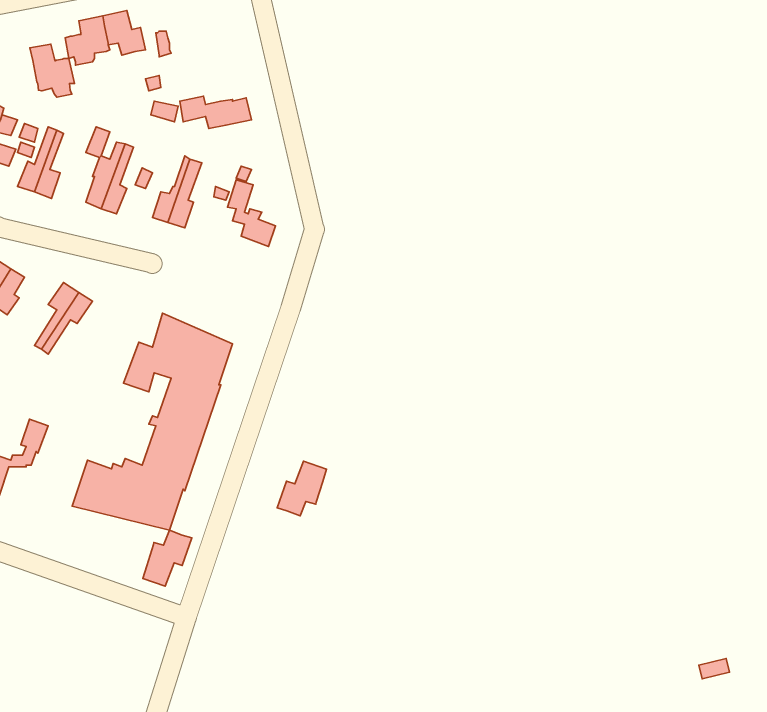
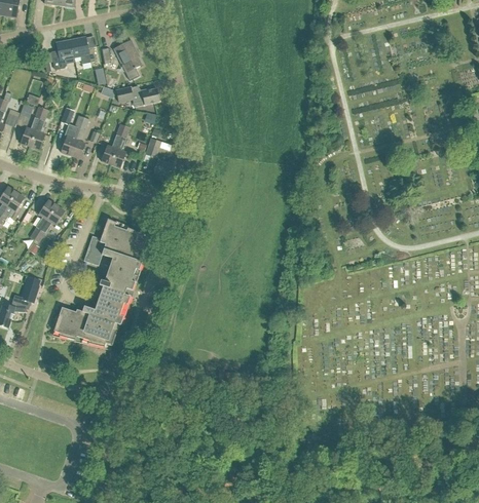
building: none -> [114,39,142,80]
building: [30,44,74,97] -> none
building: [277,461,327,516] -> none
building: [143,530,192,586] -> none

